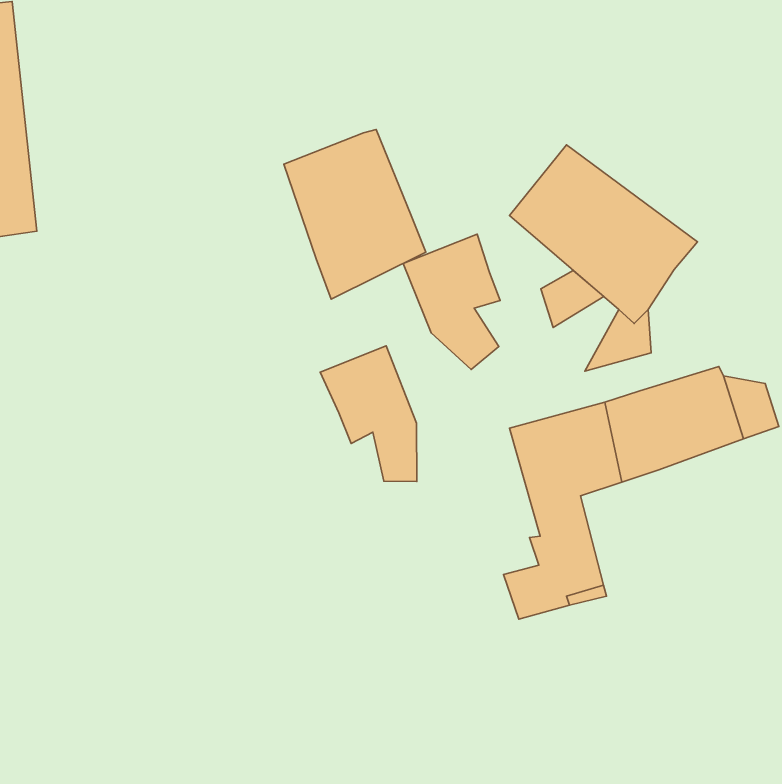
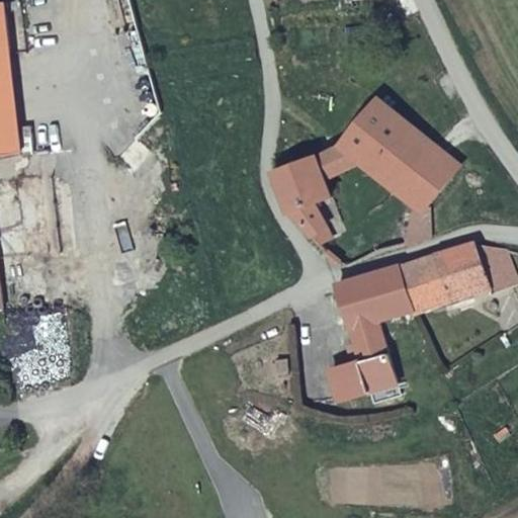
building: [284,130,426,299] -> none
building: [541,270,604,327] -> [314,142,355,179]
building: [320,346,417,482] -> none

